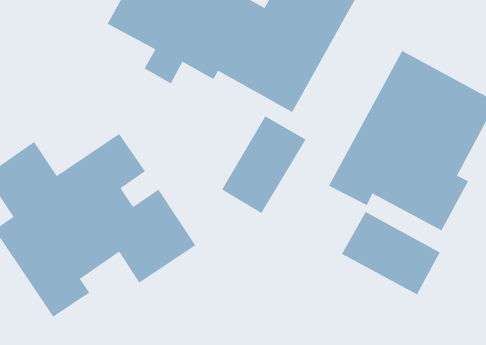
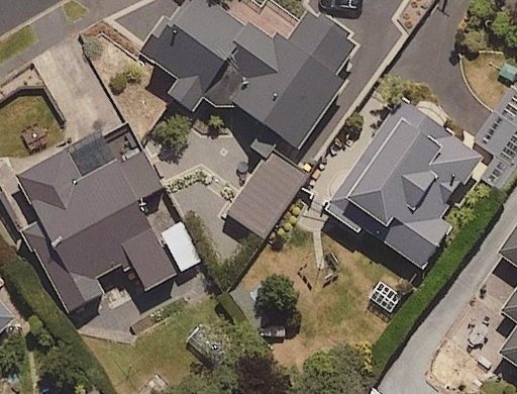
building: [341,211,441,295] -> none

